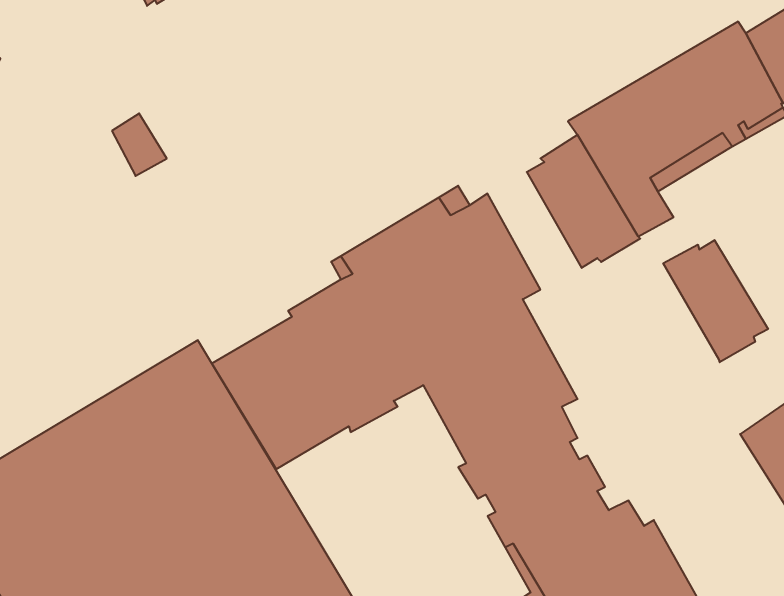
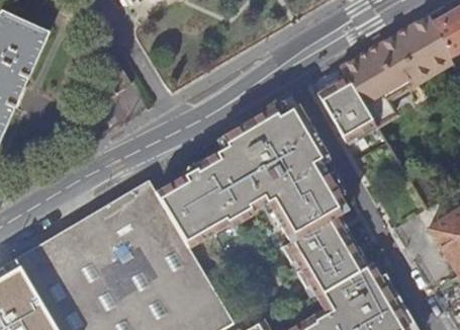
building: [663,240,768,362] -> none

